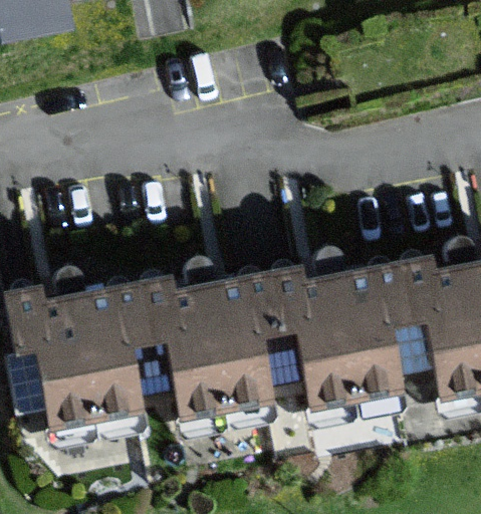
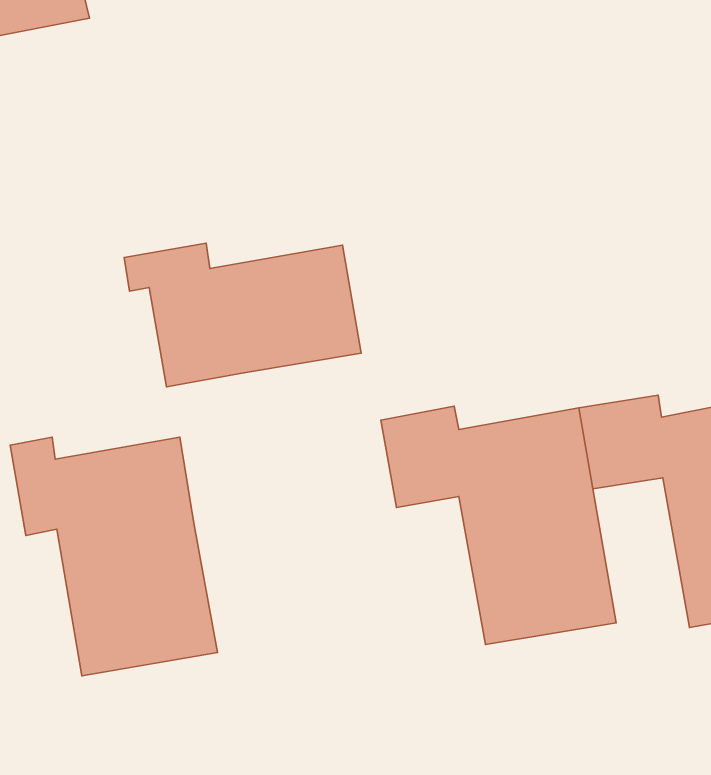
building: none -> [124,243,361,387]
building: [117,273,271,426] -> none

